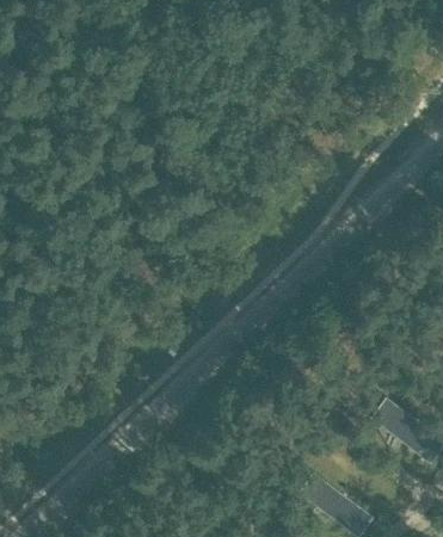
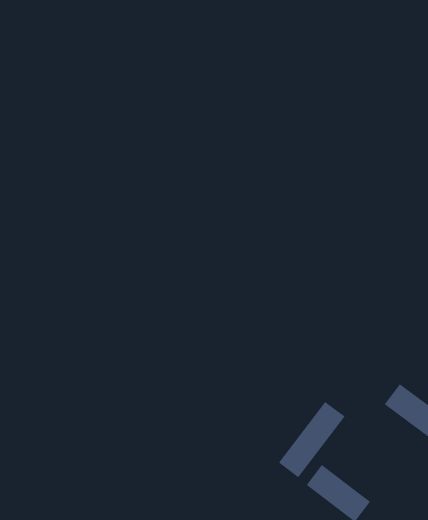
building: none -> [278,401,346,478]

